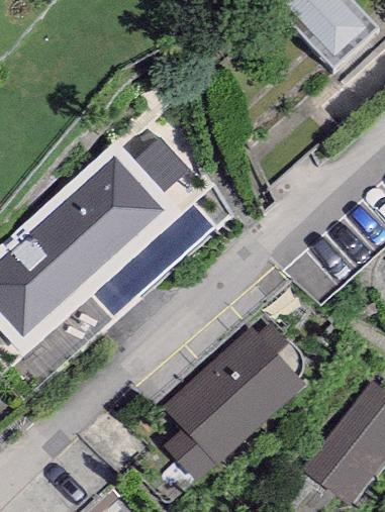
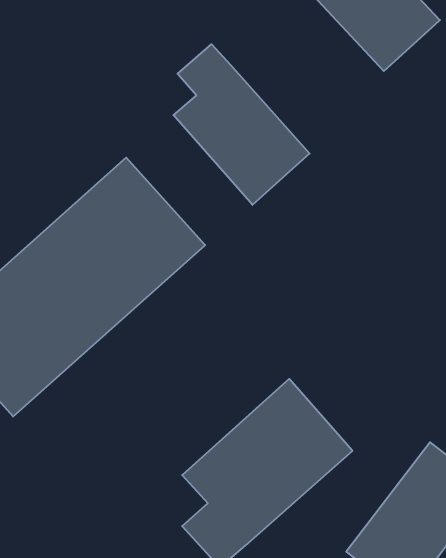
building: none -> [173,44,310,205]

